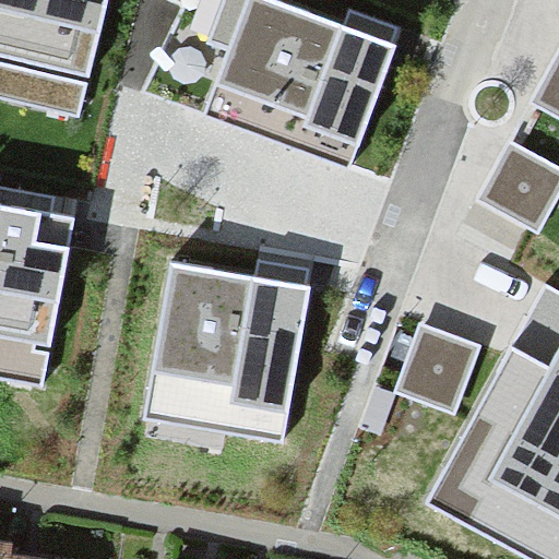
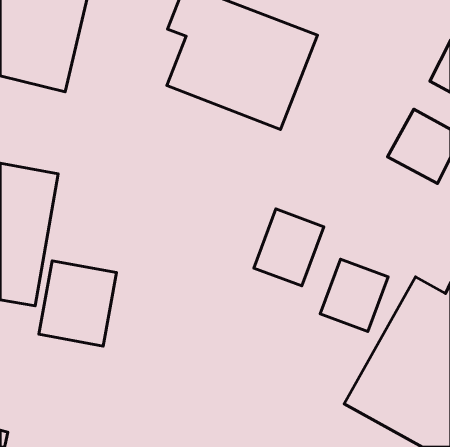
building: none -> [254,209,324,286]
building: [148,261,309,436] -> none
building: none -> [39,261,117,346]

